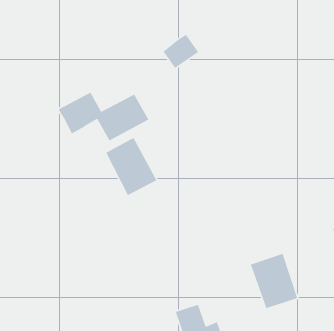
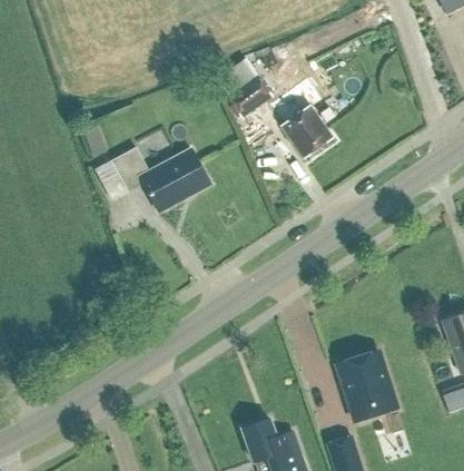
building: none -> [269,87,330,157]
building: [105,137,158,196] -> none

